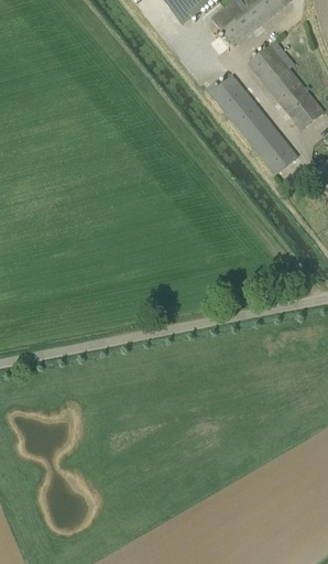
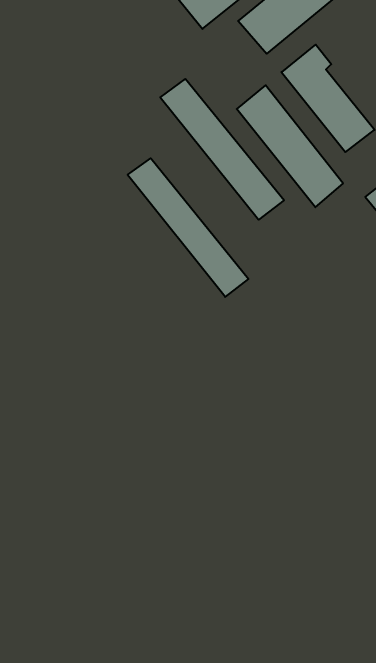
building: none -> [160,79,284,220]
building: none -> [128,158,248,297]

